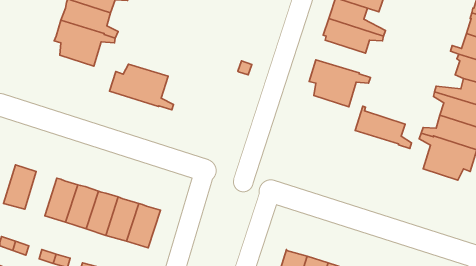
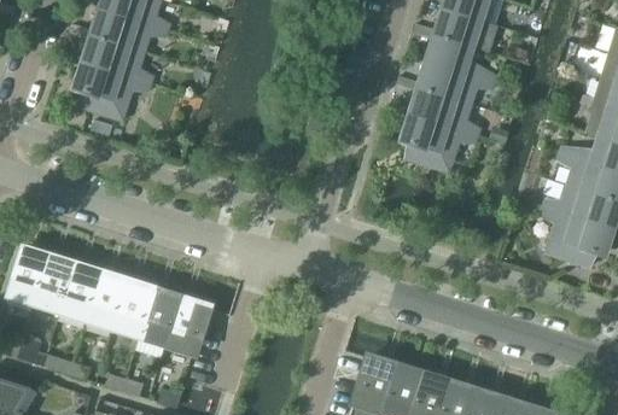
building: [110,64,173,110] -> none
building: [355,106,412,148] -> [407,81,479,135]
building: none -> [34,256,75,312]

